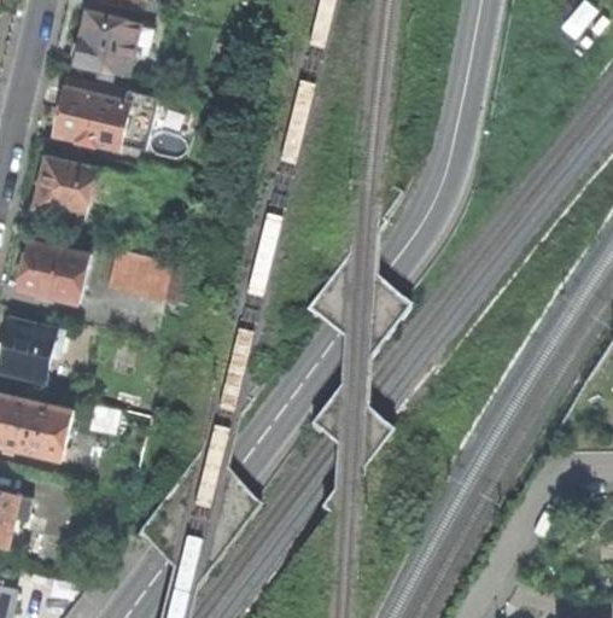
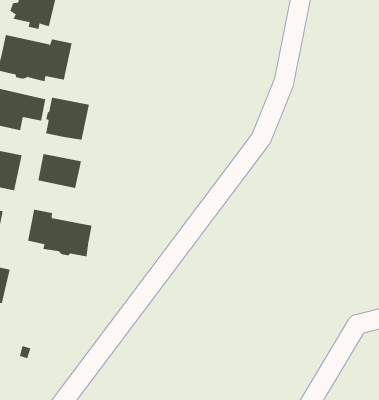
building: none -> [46,97,90,141]
building: none -> [28,209,92,257]

